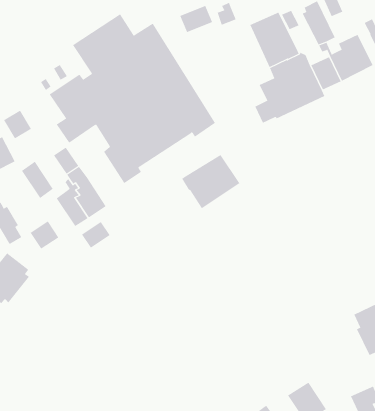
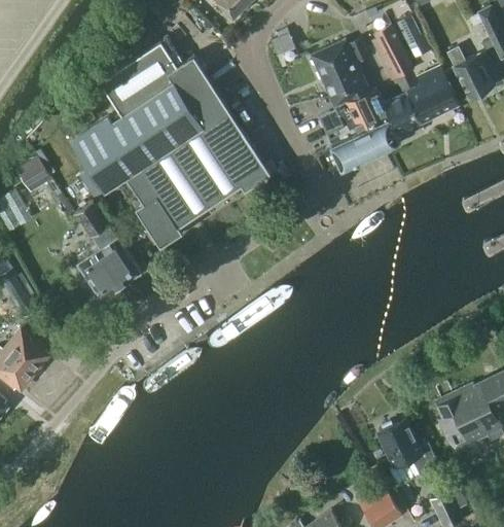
building: [180,5,213,33] -> none
building: [181,154,240,209] -> none
building: [21,161,54,199] -> none
building: [30,221,59,250] -> none
building: [81,221,111,248] -> none
building: none -> [379,421,440,479]

